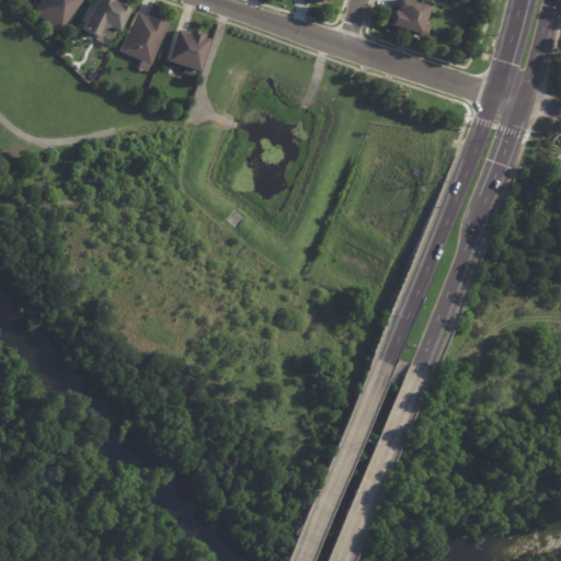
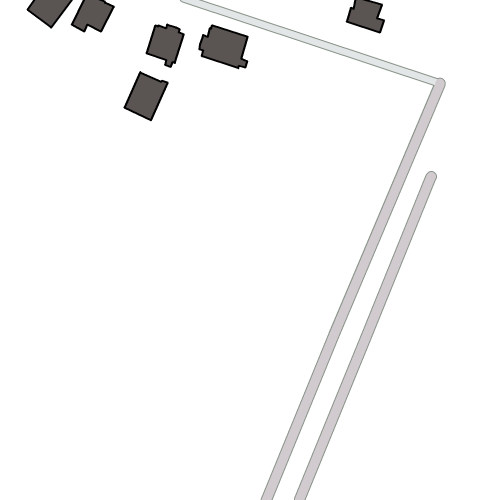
building: [122,10,170,64] -> [124,72,168,120]
building: none -> [199,25,248,68]

